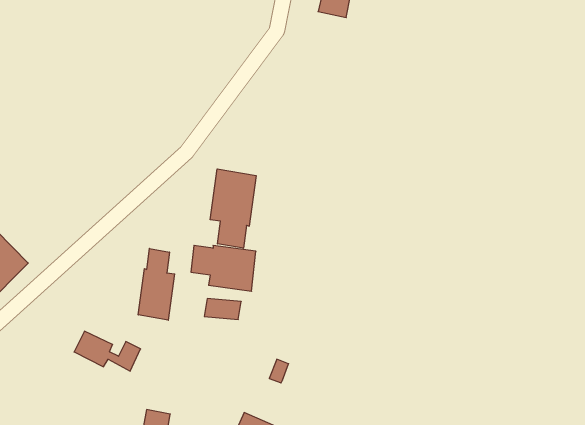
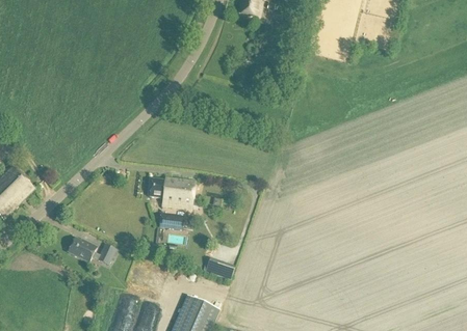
building: [210,169,256,248] -> none
building: [138,248,175,320] -> none

